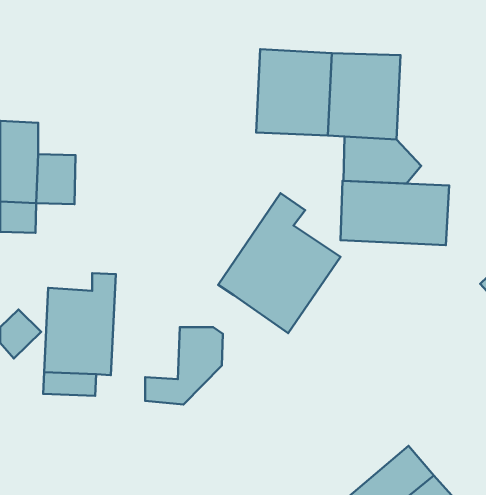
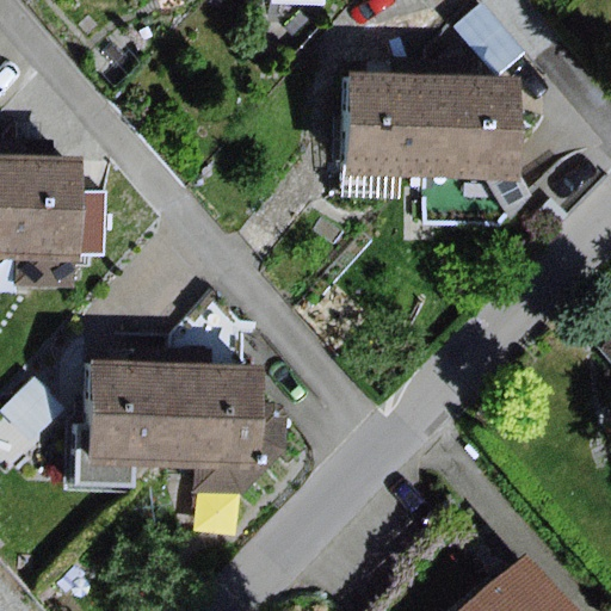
building: [341,181,449,245] -> none
building: [218,193,341,333] -> none
building: none -> [154,341,240,469]

